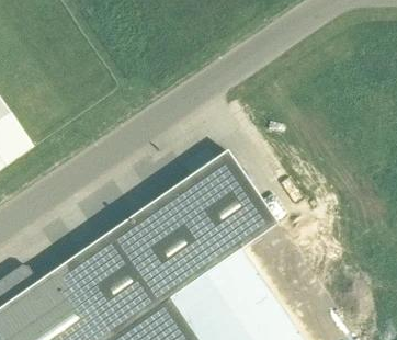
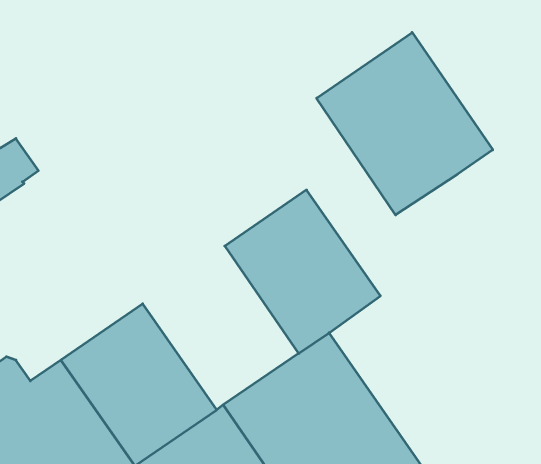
building: none -> [317,32,493,215]
building: [114,191,220,303] -> none

